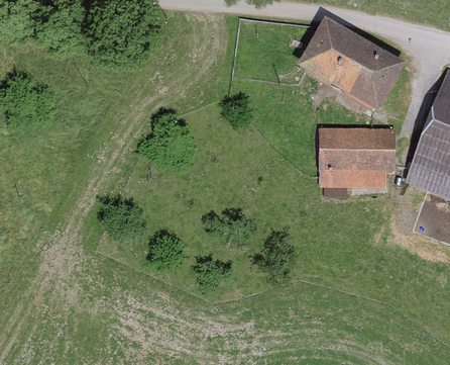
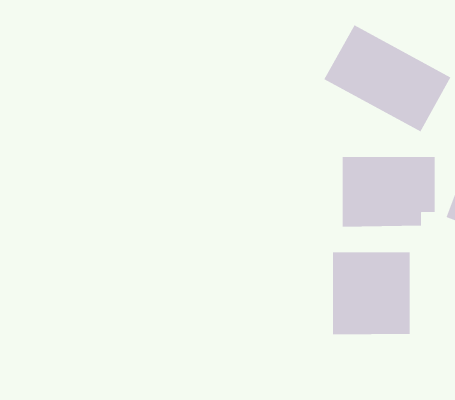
building: none -> [332,251,410,335]

